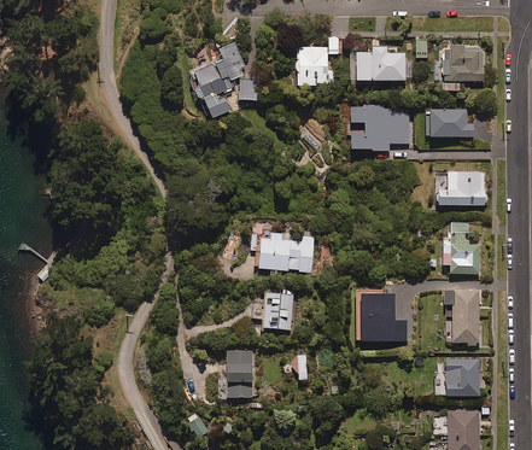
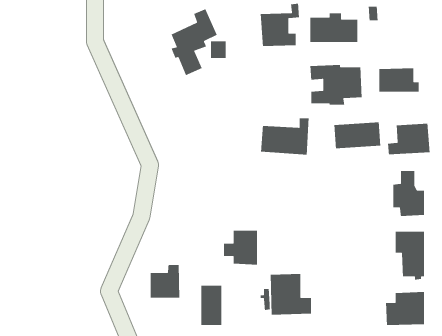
building: [442,46,484,90] -> none
building: none -> [334,121,381,149]
building: [258,229,314,271] -> [260,118,310,155]
building: [359,294,407,341] -> [270,273,312,315]
building: none -> [150,264,180,299]

